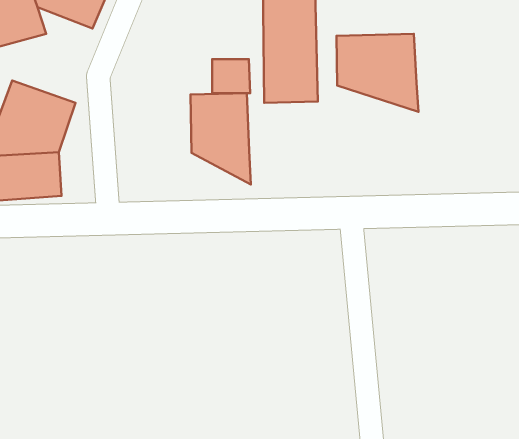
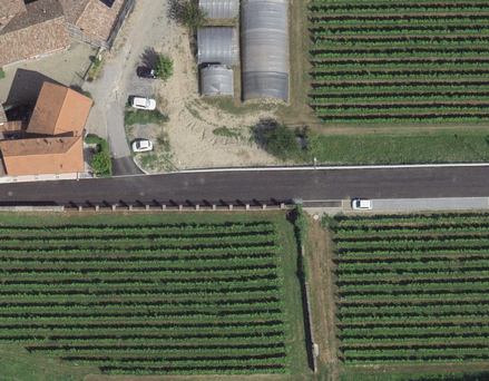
building: none -> [196,26,235,58]
building: [337,34,418,112] -> none
building: [191,93,251,185] -> none

